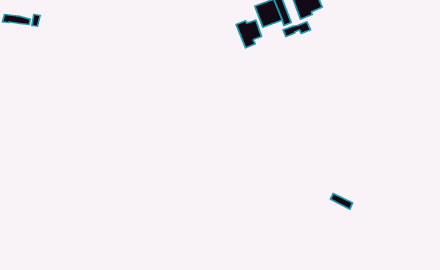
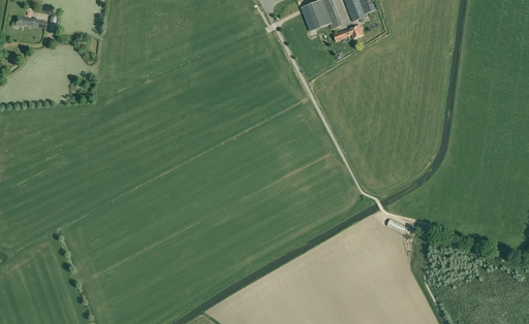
building: [236,20,262,48] -> none

